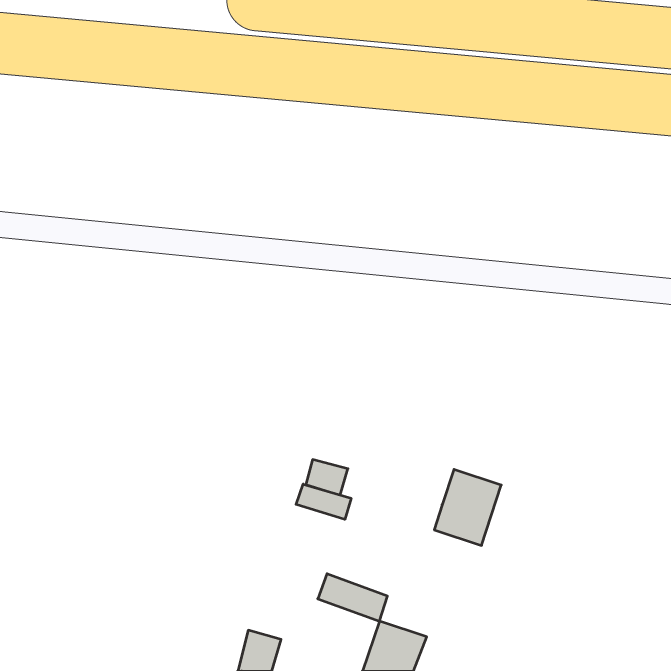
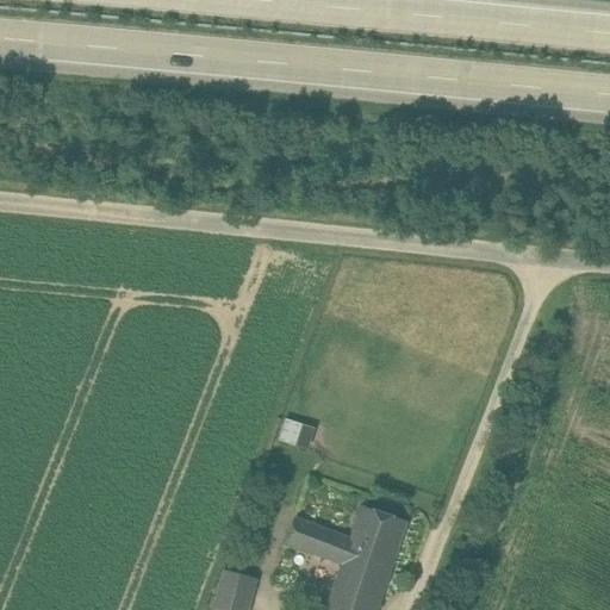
building: [434,469,501,545] -> [344,509,405,578]
building: [296,484,351,519] -> none

